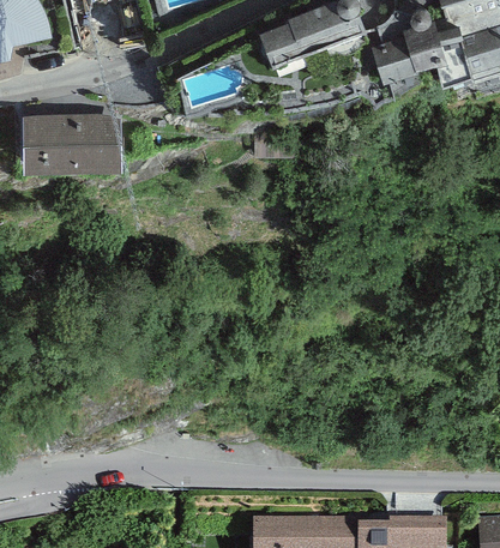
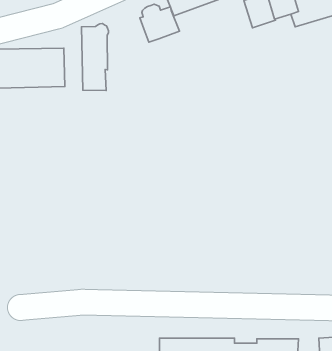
building: none -> [140,4,179,42]
building: none -> [82,24,108,90]

